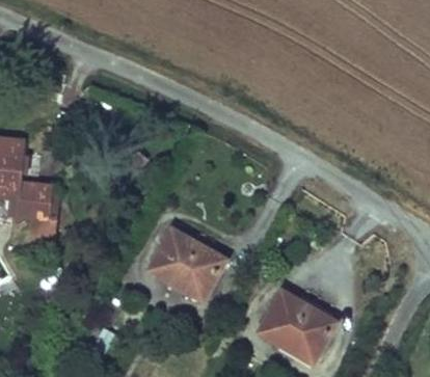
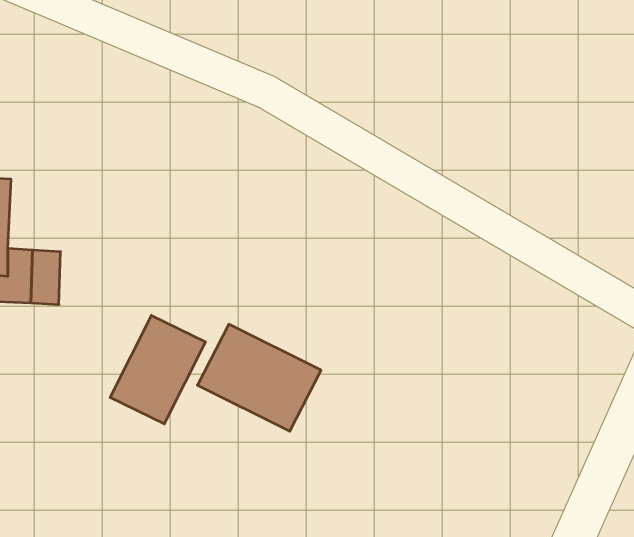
building: none -> [110,315,205,424]
building: [262,294,337,360] -> none

